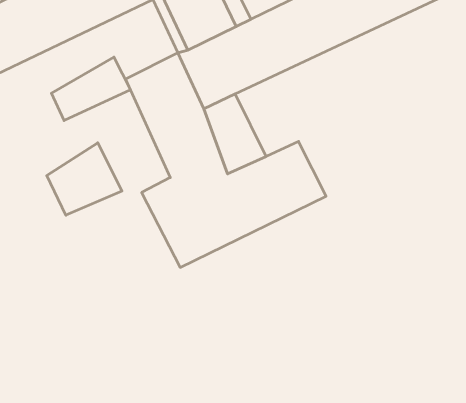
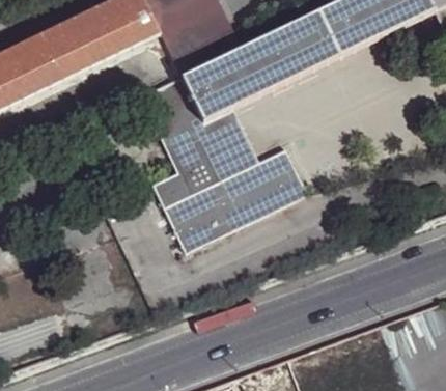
building: [51,57,130,121] -> none
building: [47,143,122,215] -> none

